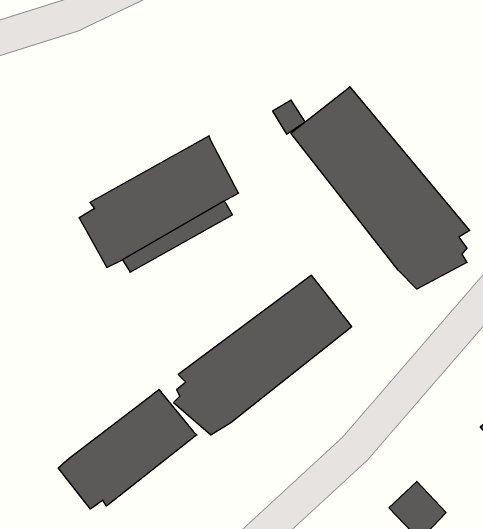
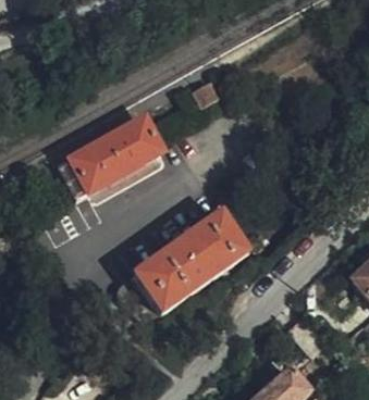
building: [291,87,470,289] -> none
building: [58,389,197,509] -> none

